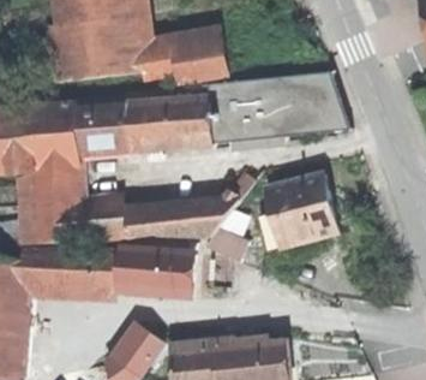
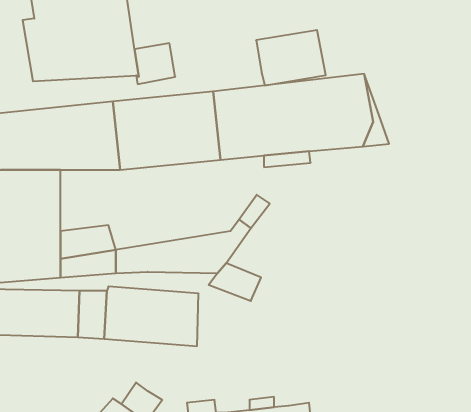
building: [172,37,229,83] -> [256,30,326,85]
building: [265,173,341,256] -> none

